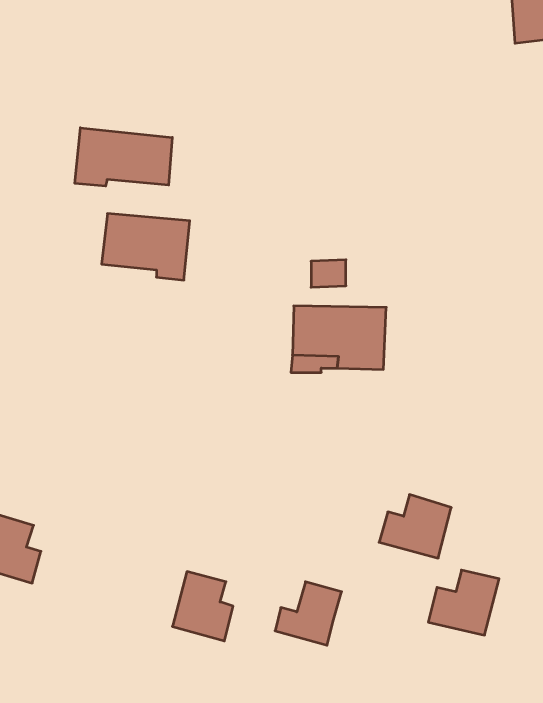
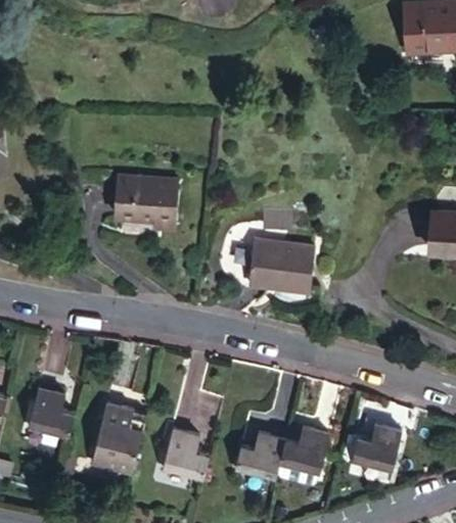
building: [75,128,172,186] -> none
building: [379,495,451,558] -> [277,430,328,475]
building: none -> [94,398,146,467]

